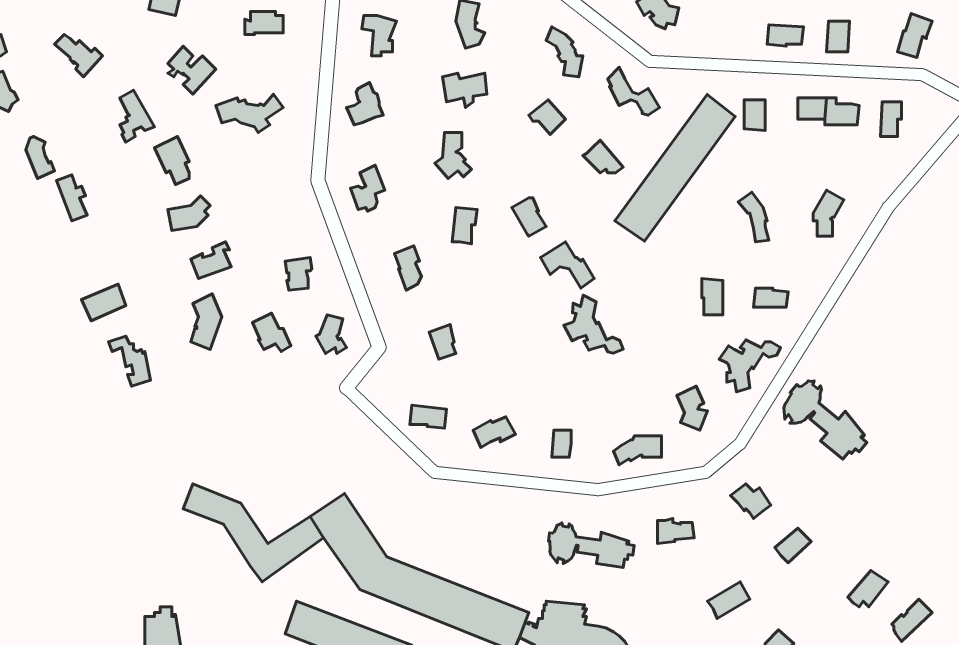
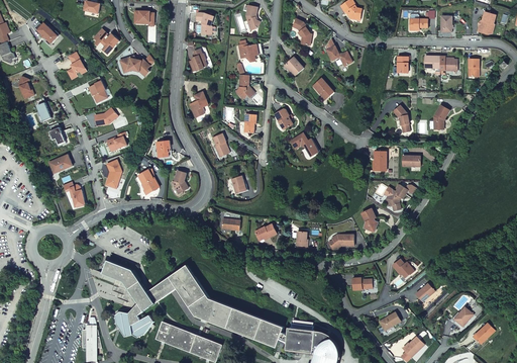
building: [615,94,735,241] -> none
building: [564,295,623,353] -> none
building: [784,381,867,459] -> none
building: [548,523,634,567] -> none
building: none -> [115,303,153,338]

